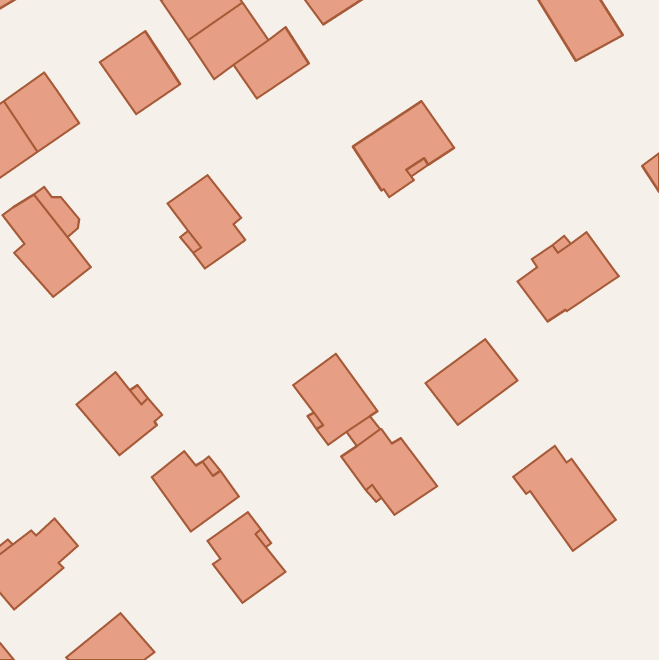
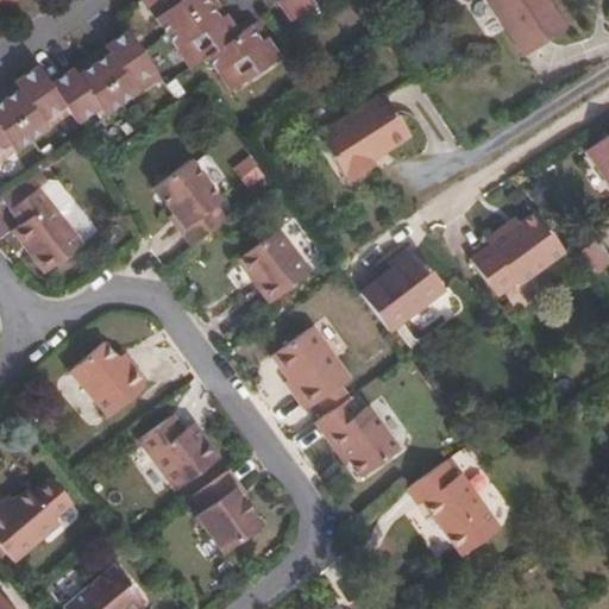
building: none -> [52,57,125,124]
building: none -> [238,228,310,303]
building: [426,339,518,425] -> [362,251,446,329]
building: [513,446,616,551] -> [406,457,500,553]

